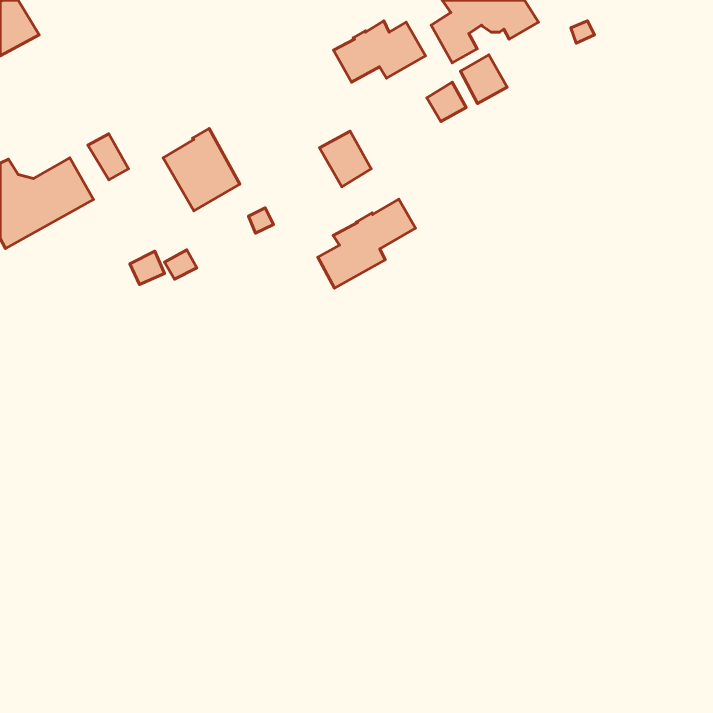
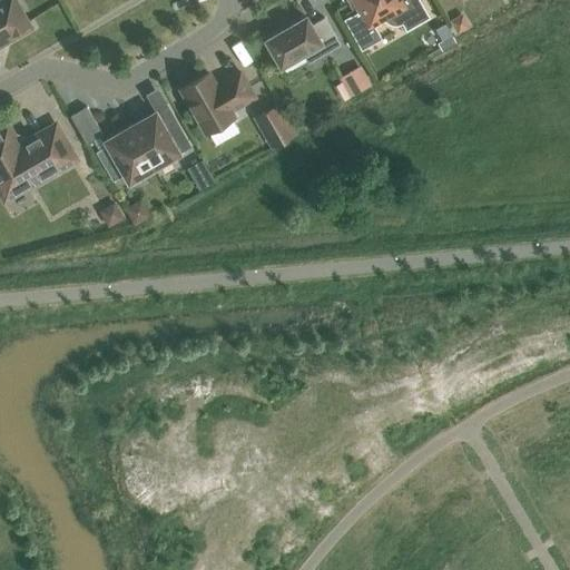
building: [461,55,507,104] -> none
building: none -> [181,72,255,132]
building: none -> [105,126,155,183]
building: [318,199,415,288] -> none

